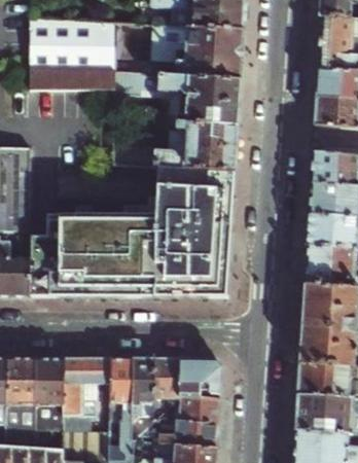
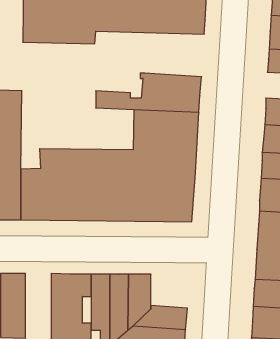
building: [113,77,240,130] -> none
building: [33,357,63,428] -> none
building: [178,358,222,397] -> none

